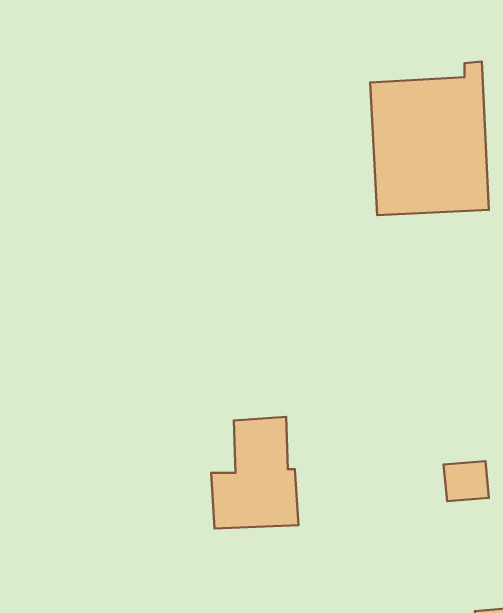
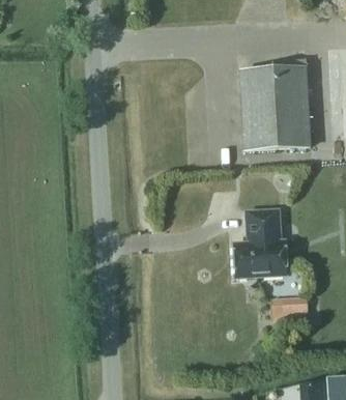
building: [211,417,298,529] -> [233,210,285,277]

